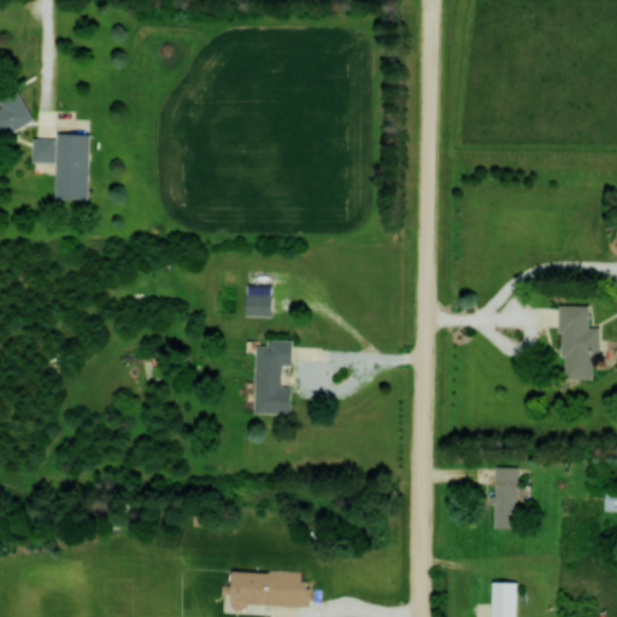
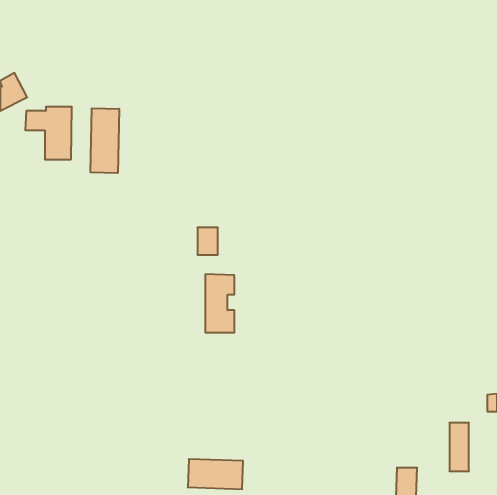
building: none -> [91,108,119,173]
building: [560,307,597,382] -> none
building: [494,468,518,528] -> [449,423,469,471]

